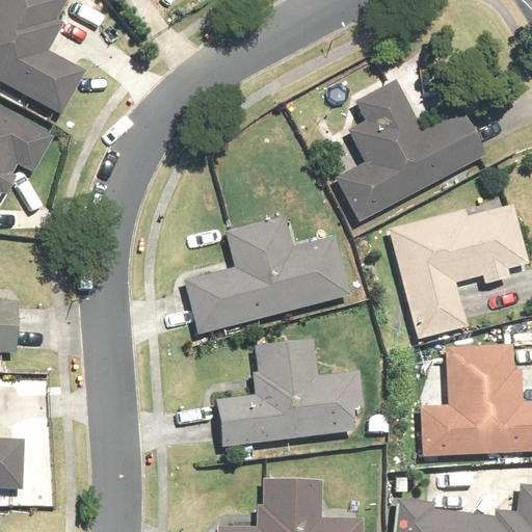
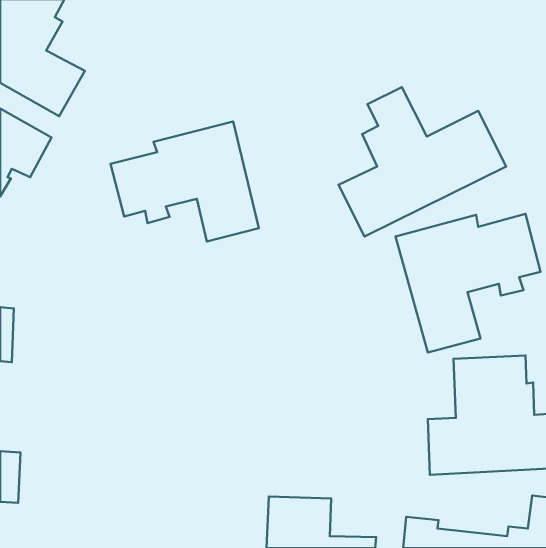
building: none -> [110,122,259,241]
building: [187,219,348,330] -> none
building: [212,339,363,448] -> none

